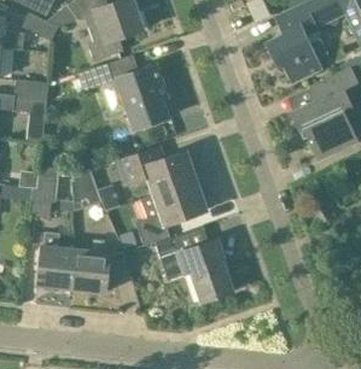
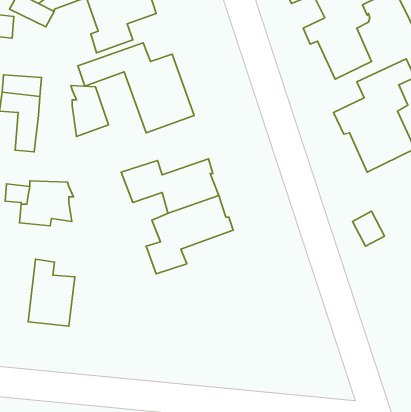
building: [70,170,101,212] -> [71,85,108,136]
building: [156,227,234,303] -> none
building: [71,240,110,293] -> none

